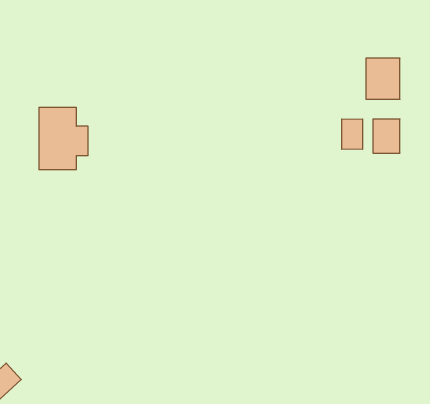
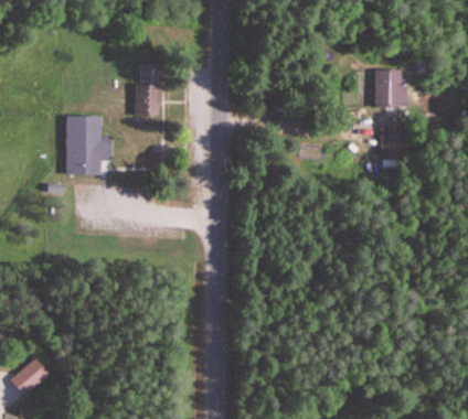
building: none -> [136,63,159,117]
building: [342,119,363,149] -> none

